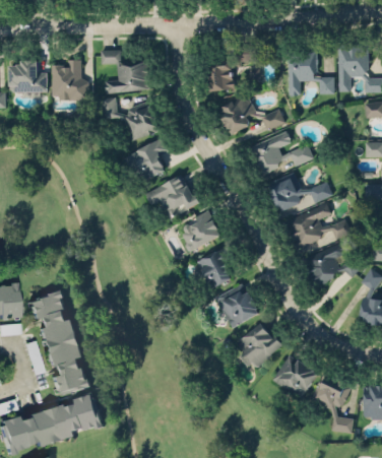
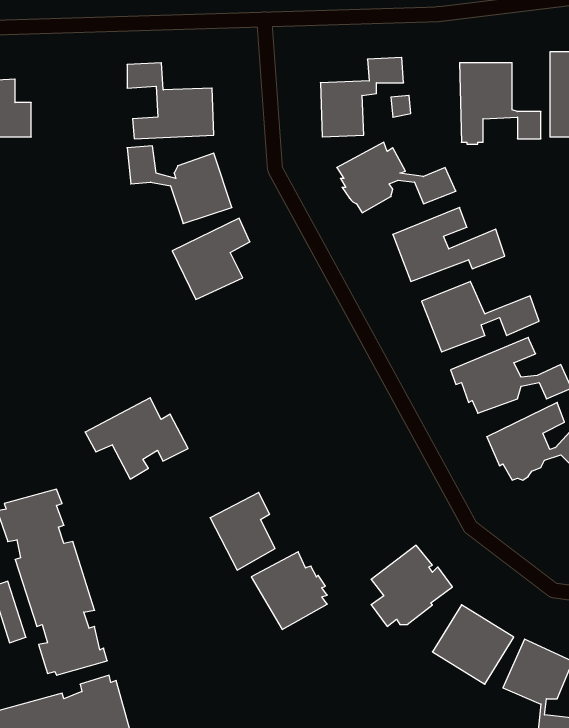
building: [51,59,88,100] -> none
building: [144,174,202,219] -> [85,398,188,479]
building: [183,209,221,250] -> none
building: [196,247,233,290] -> [210,492,275,570]
building: [215,283,258,327] -> [251,552,327,629]

